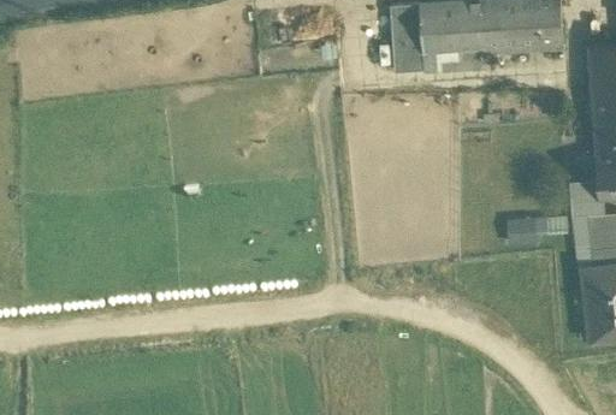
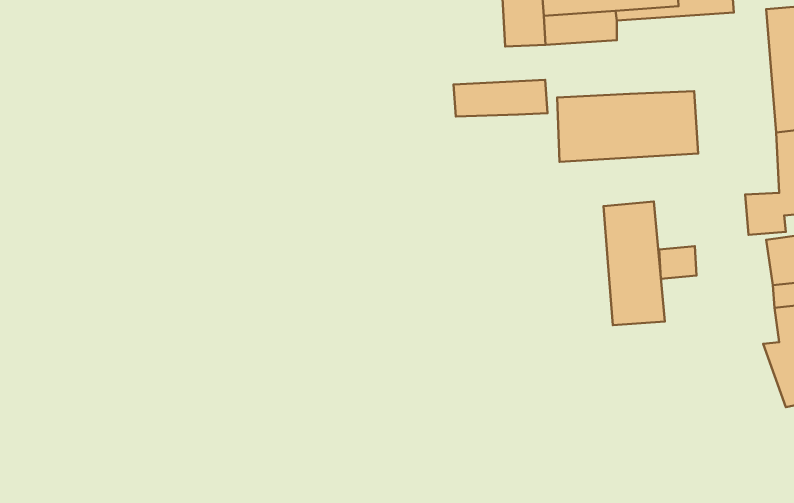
building: none -> [454,80,548,117]
building: none -> [557,91,698,162]
building: none -> [604,201,665,325]

